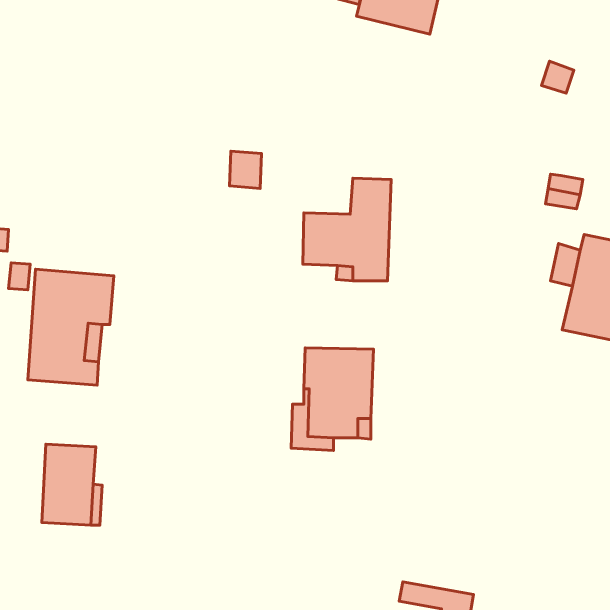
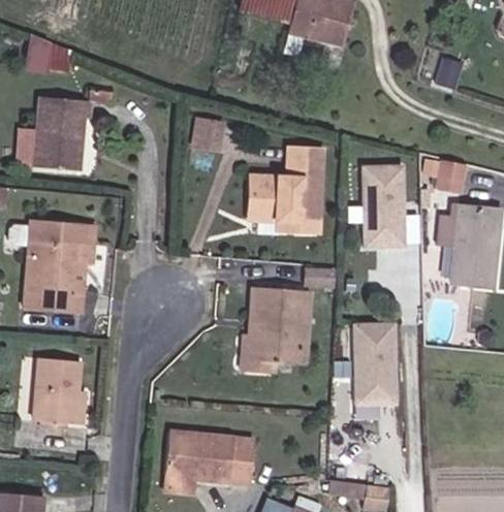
building: none -> [28,37,69,71]
building: none -> [34,106,88,178]
building: none -> [365,164,408,246]
building: none -> [348,323,391,405]
building: none -> [166,433,254,480]

